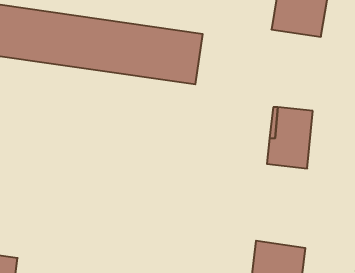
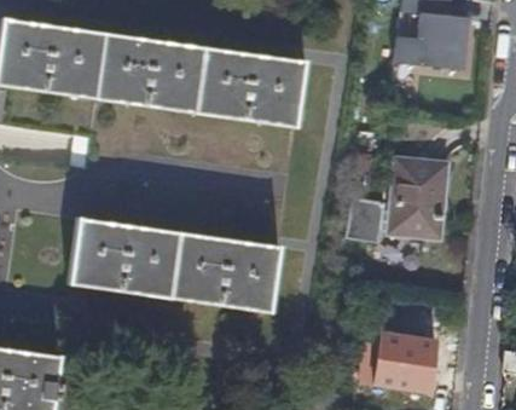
building: none -> [348,200,382,241]
building: none -> [68,219,277,313]

